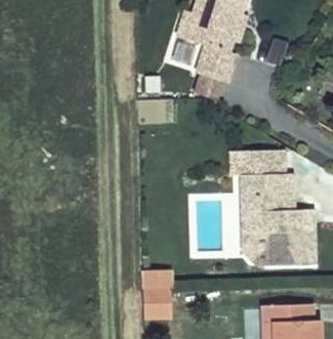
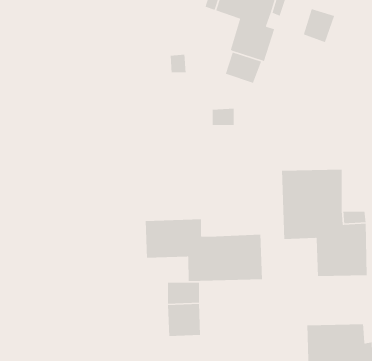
building: [241,150,293,174] -> none
building: none -> [145,219,263,282]
building: [243,232,272,265] -> none

